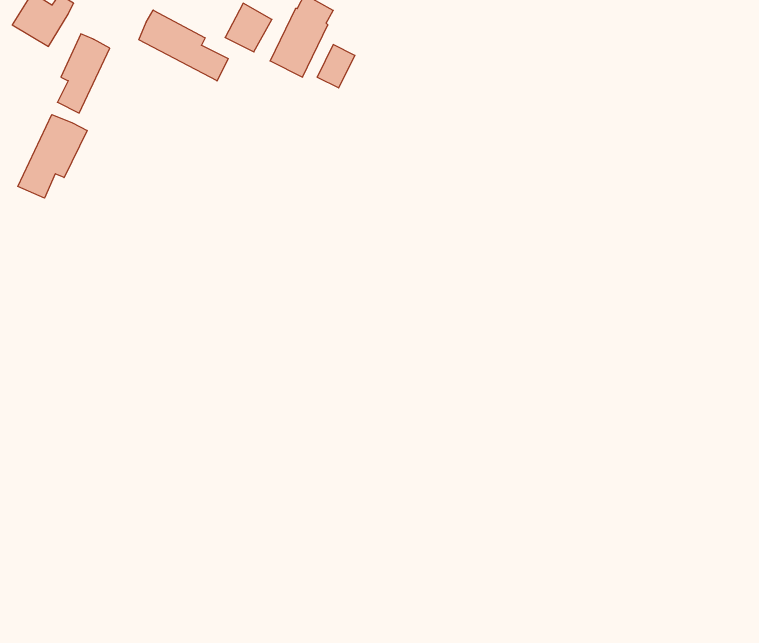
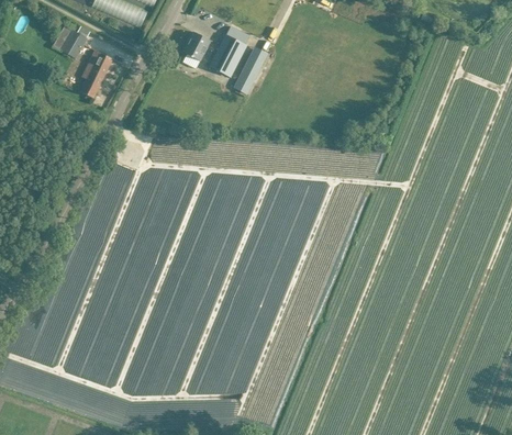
building: [139,10,228,81] -> none
building: [18,115,87,198] -> none

